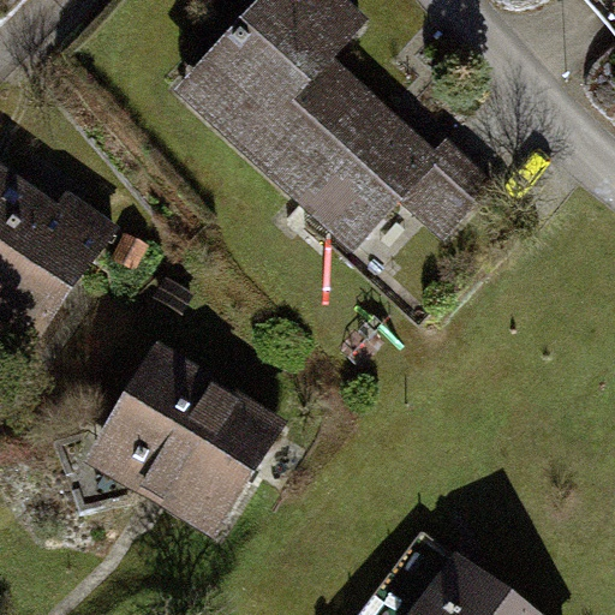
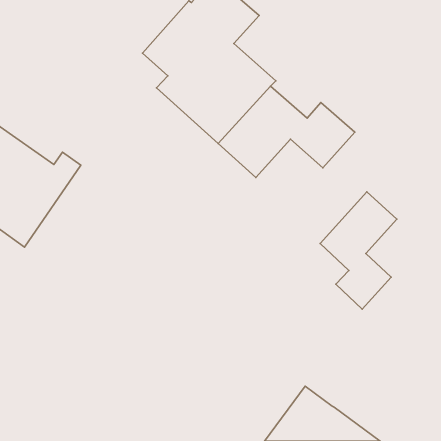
building: none -> [320,192,397,309]
building: [102,354,276,529] -> none

